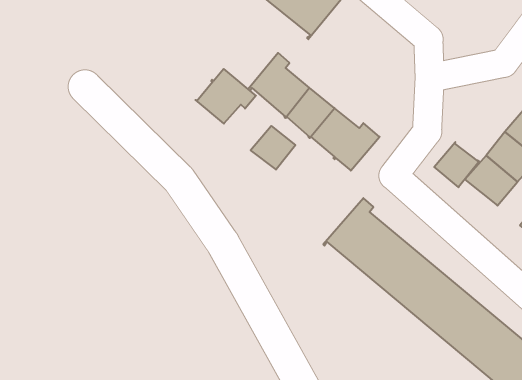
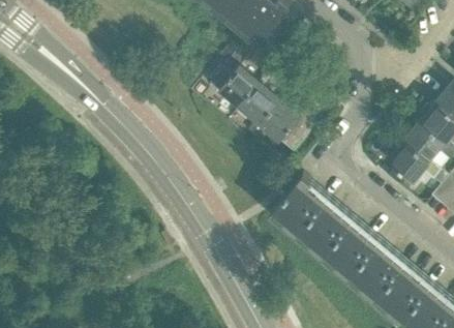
building: [195,69,256,124] -> none
building: [251,126,295,170] -> none
building: [434,142,479,187] -> none

